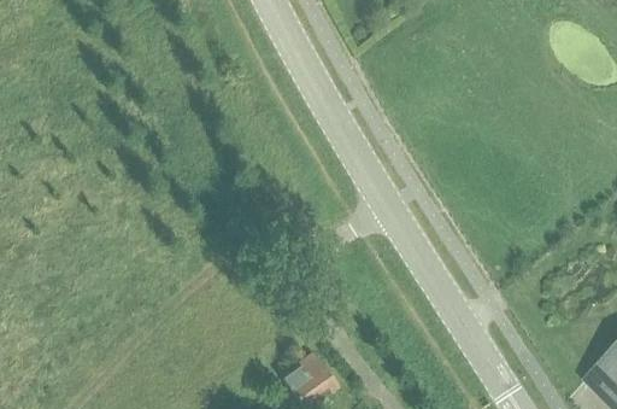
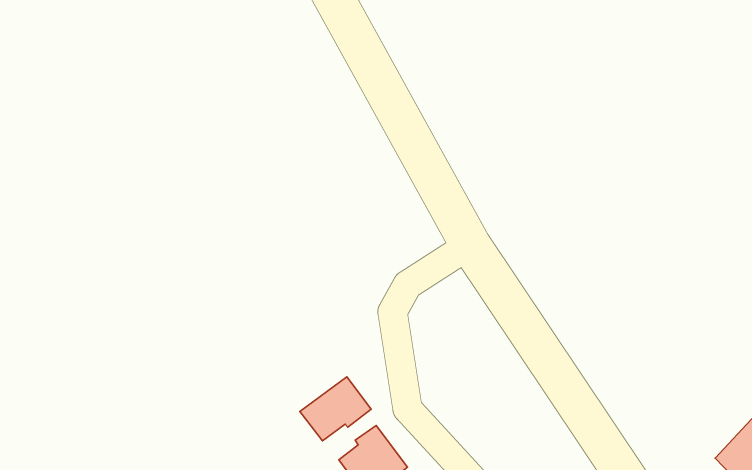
building: none -> [300,377,371,441]

